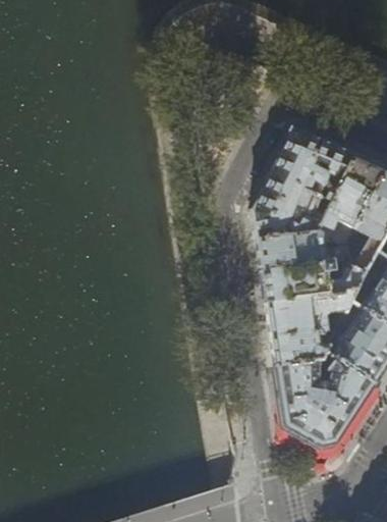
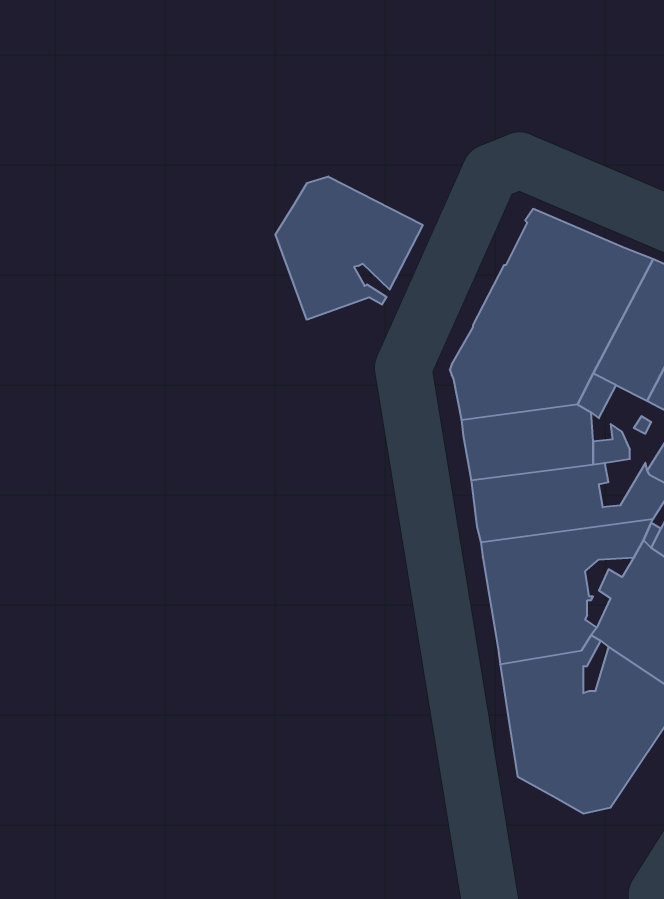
building: none -> [275,176,423,320]

